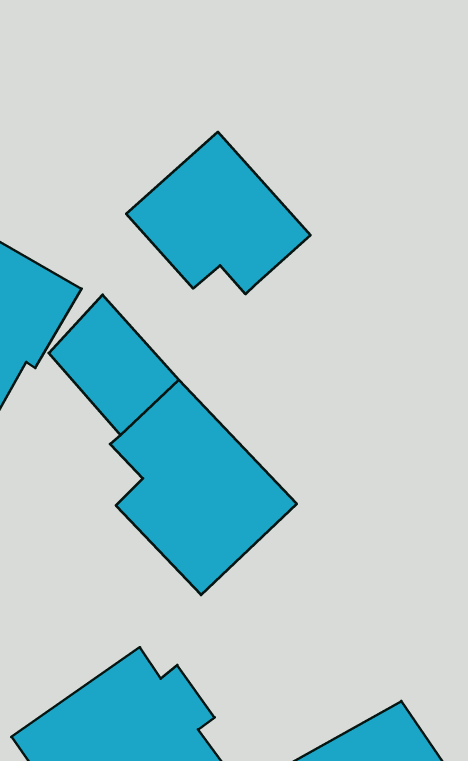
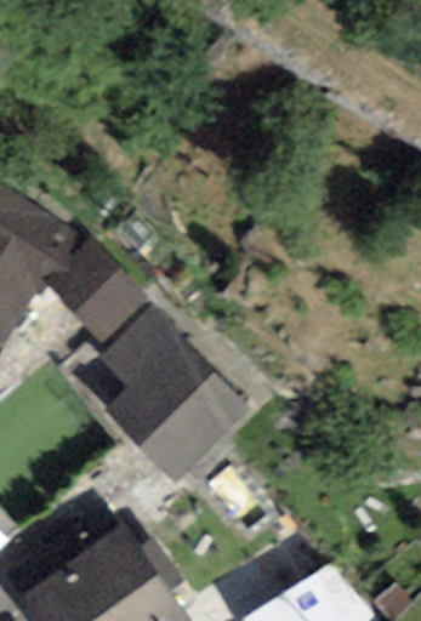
building: [126,132,310,294] -> none

